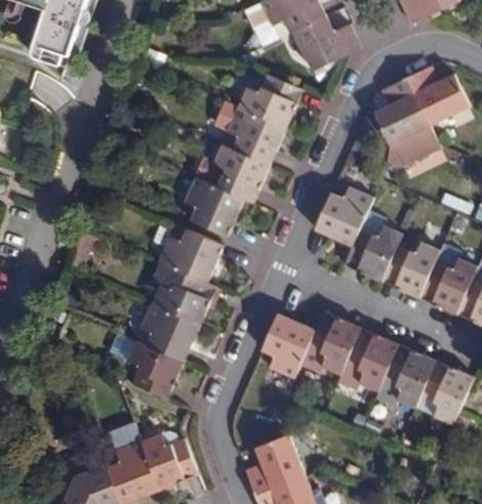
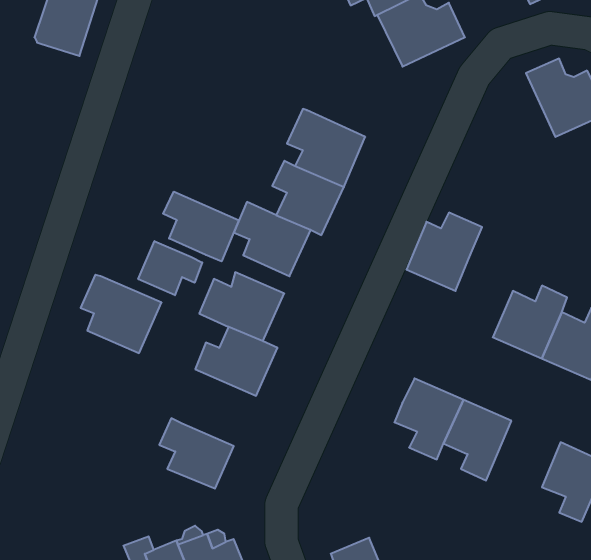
building: [239,74,302,127] -> none
building: [374,78,439,168] -> none
building: none -> [163,192,239,261]
building: none -> [138,241,202,295]
building: [345,218,403,282] -> none
building: [137,305,200,366] -> [81,275,162,353]
building: [259,316,313,380] -> none
building: [383,346,435,409] -> none

